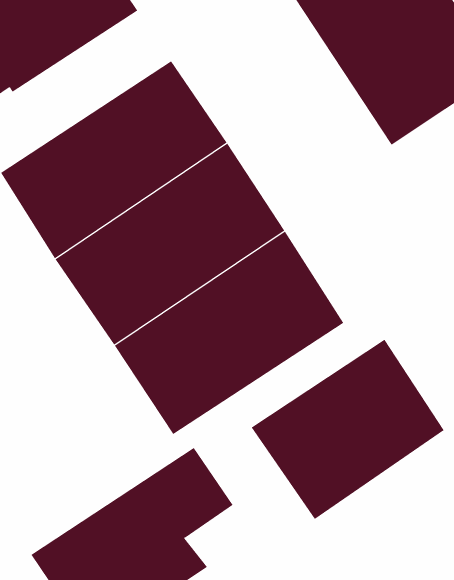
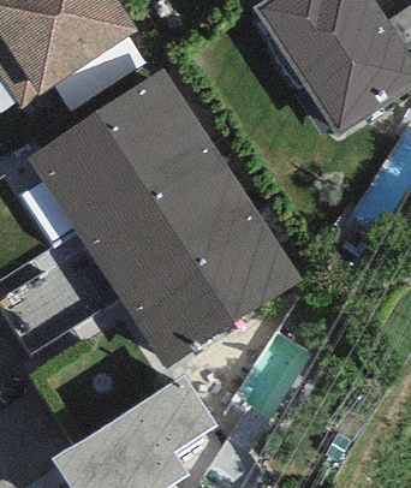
building: [251,339,444,520] -> none

